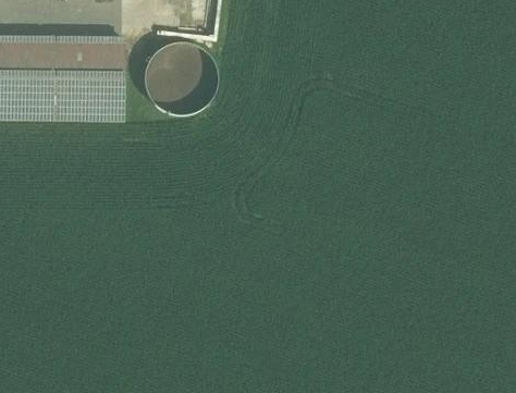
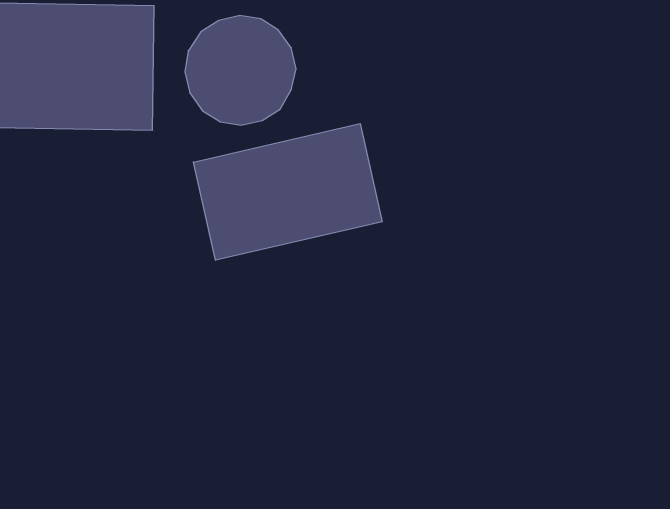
building: none -> [193,124,382,260]

